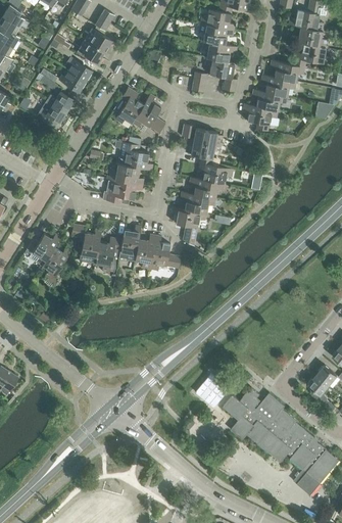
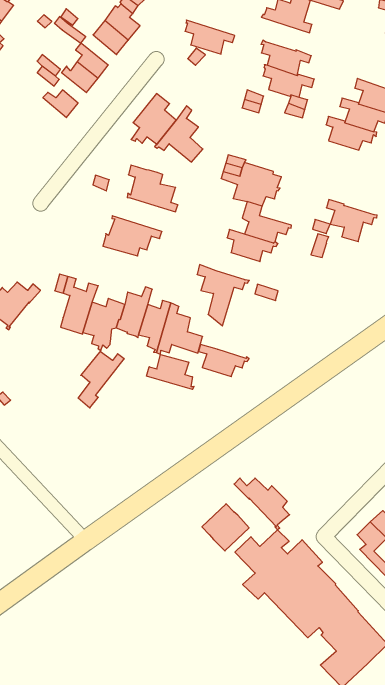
building: [196,23,232,45] -> [185,20,235,54]
building: [36,99,65,127] -> none
building: [242,103,279,131] -> [326,200,377,242]
building: [106,163,144,185] -> none
building: [181,192,217,212] -> [198,344,249,377]
building: [42,246,71,288] -> [78,350,124,408]
building: none -> [147,355,194,389]
building: none -> [234,478,290,530]

